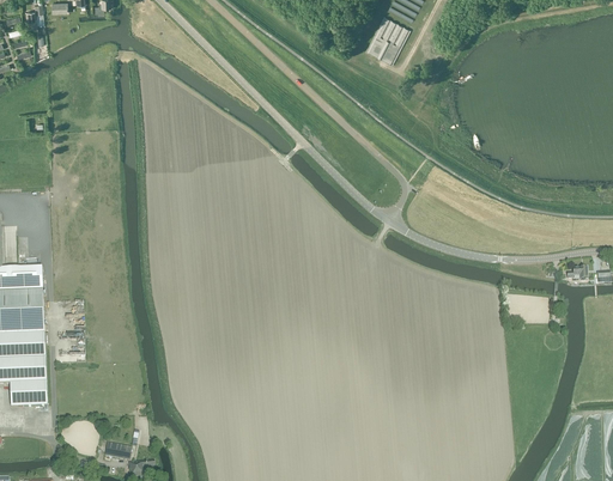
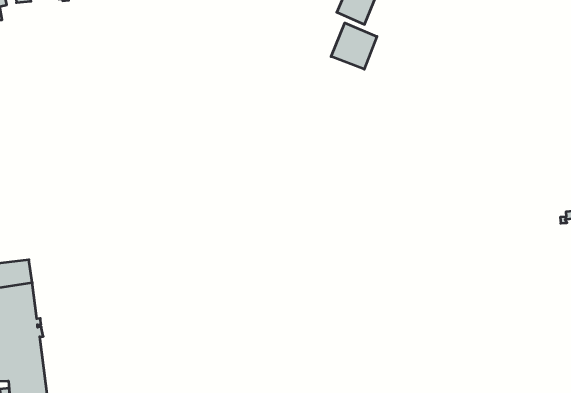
building: none -> [331,23,377,69]

